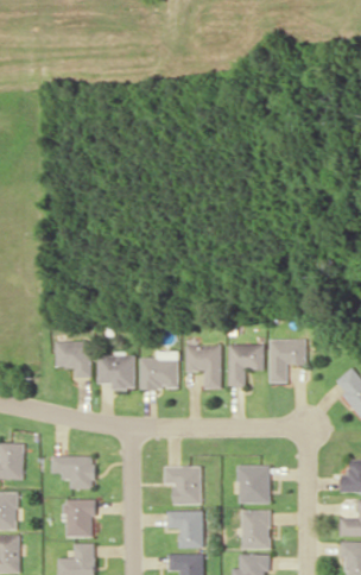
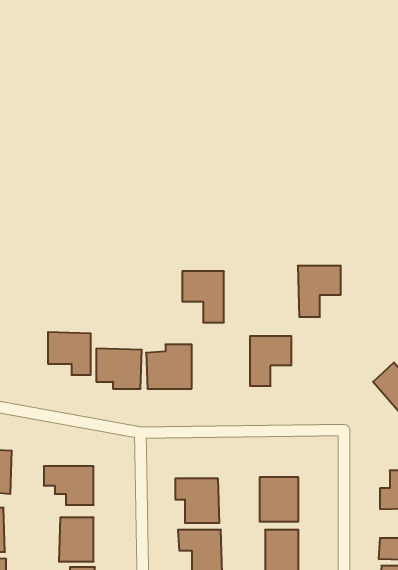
building: [268,340,305,384] -> [298,266,341,317]
building: [185,346,221,390] -> [182,271,224,322]

